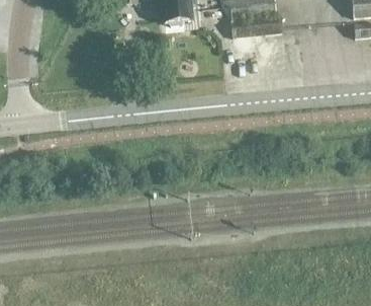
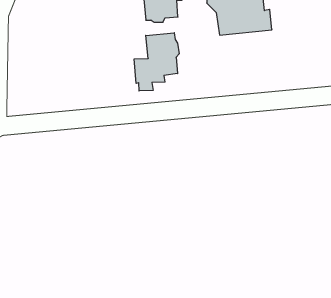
building: none -> [134,33,179,91]

